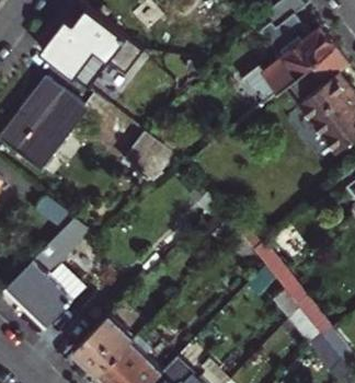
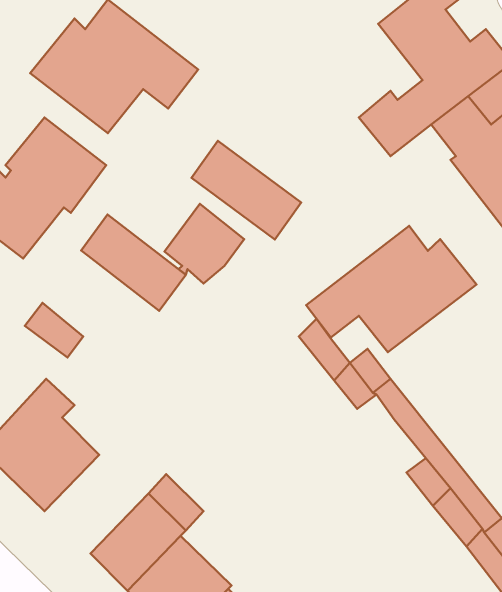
building: none -> [192,141,301,239]
building: none -> [81,214,186,311]
building: none -> [306,226,477,352]

